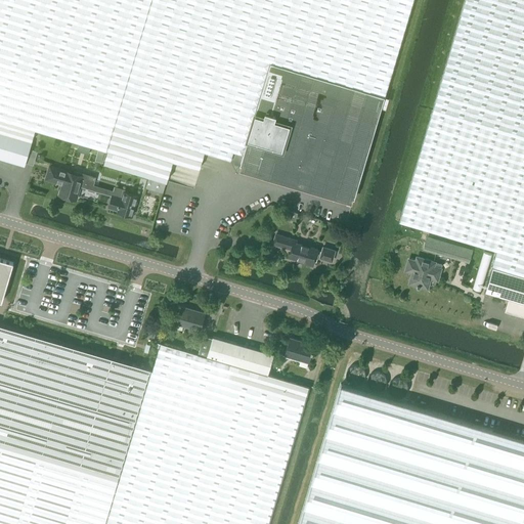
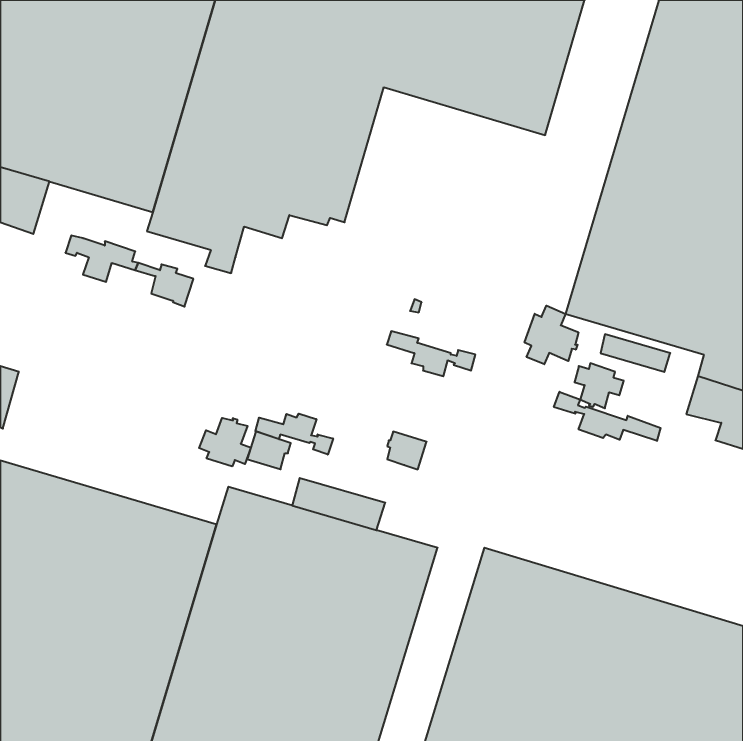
building: [239,62,384,199] -> none
building: none -> [525,306,578,364]
building: none -> [554,392,661,441]
building: none -> [255,414,333,455]
building: none -> [199,418,251,466]
building: [285,337,312,363] -> [387,432,427,469]

